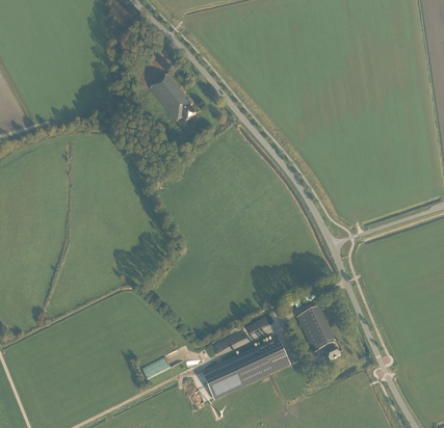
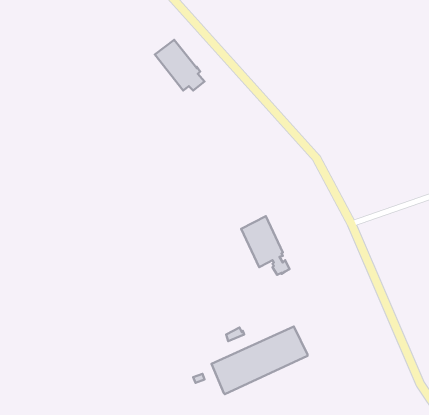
building: [296,305,341,359] -> [241,216,290,275]

